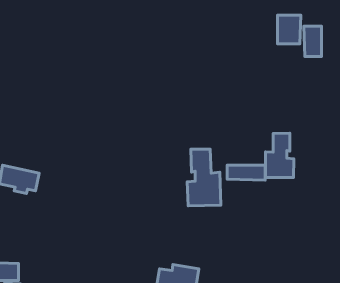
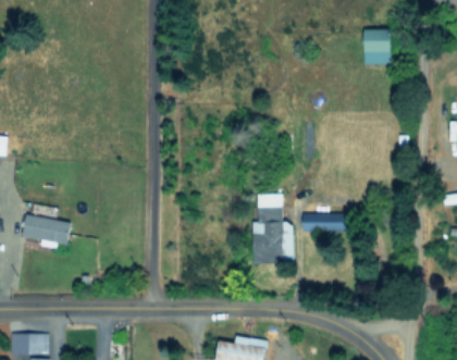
building: [304,26,322,56] -> none
building: [265,133,294,178] -> none

